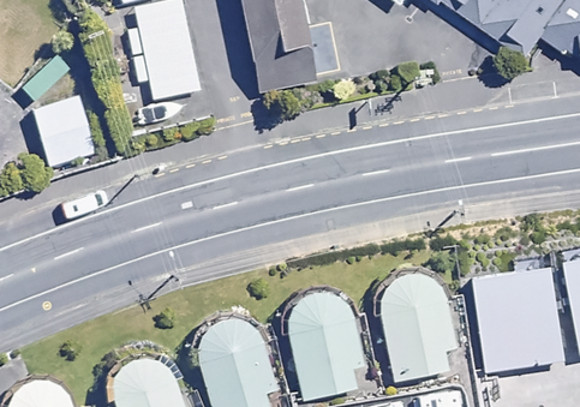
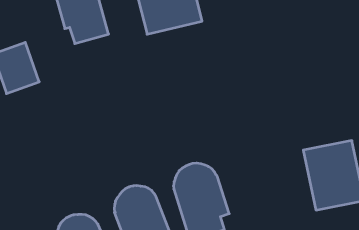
building: [376,269,454,382] -> none

